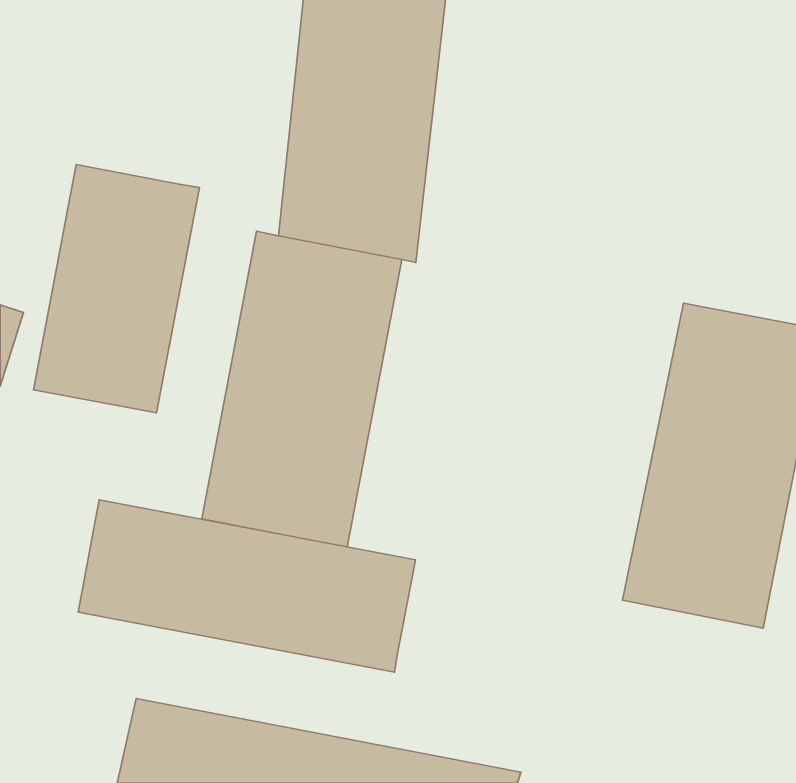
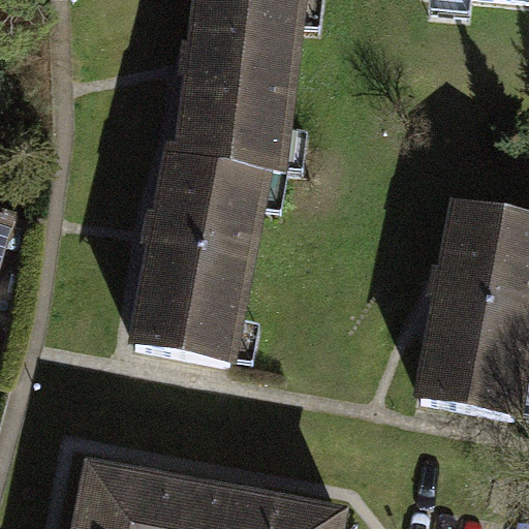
building: [33,165,199,413] -> none
building: [78,500,415,672] -> none

